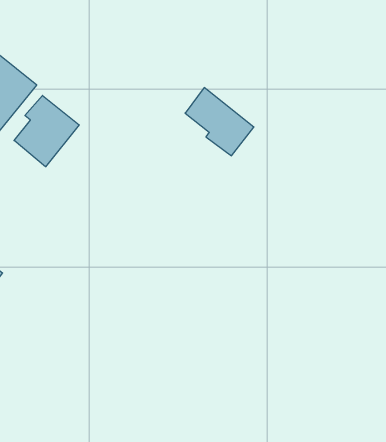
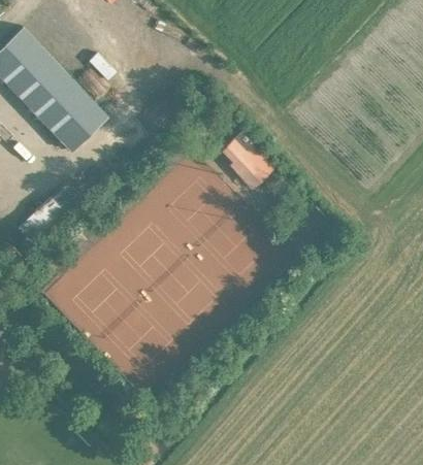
building: [14,95,79,167] -> none

